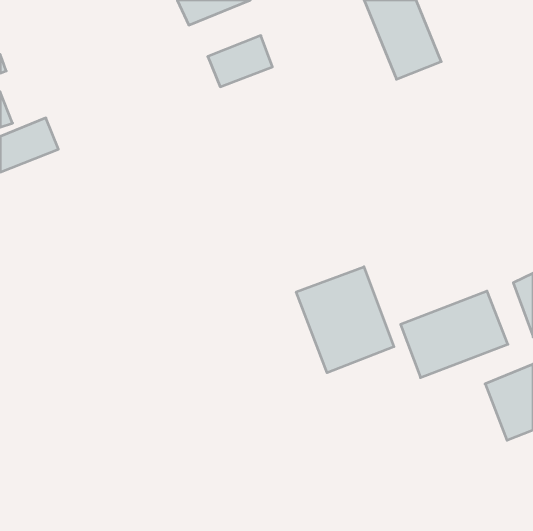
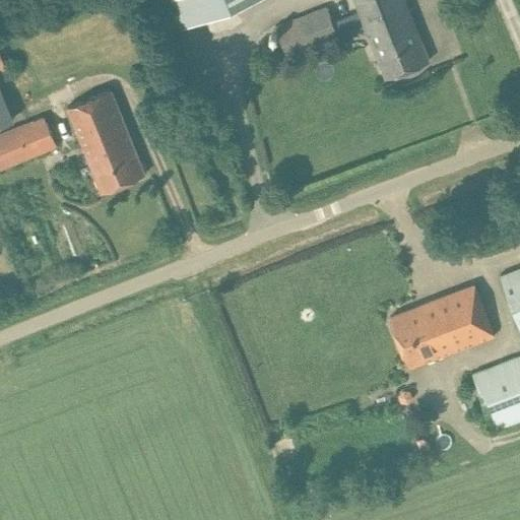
building: [208,36,272,87] -> [275,8,338,58]
building: none -> [67,90,145,193]
building: [296,267,394,373] -> none

